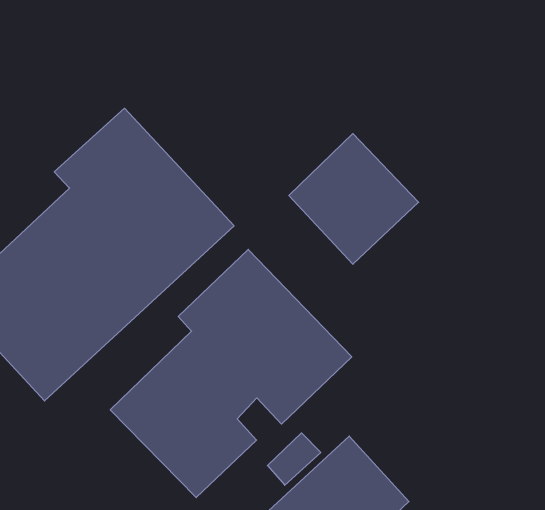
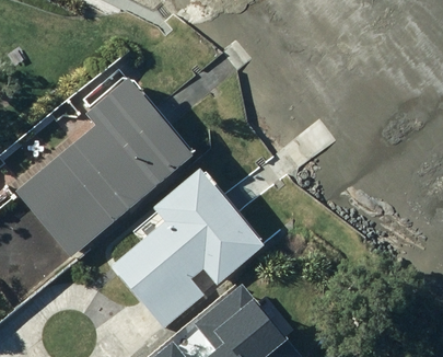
building: [289,134,419,264] -> none

